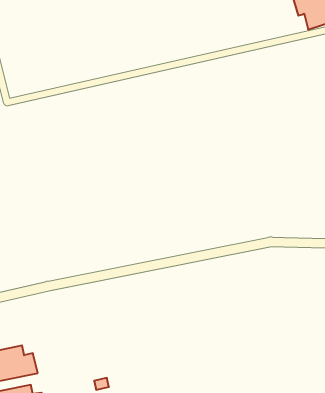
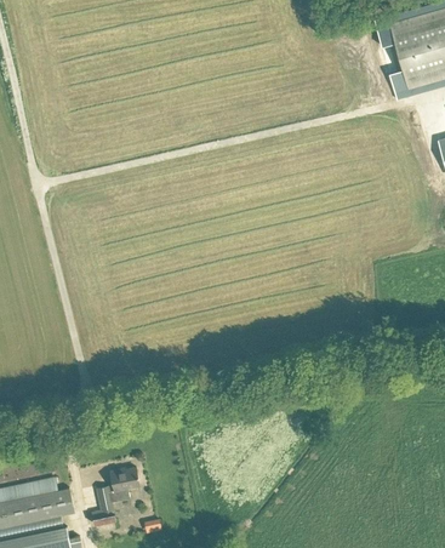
building: none -> [92,466,141,523]

